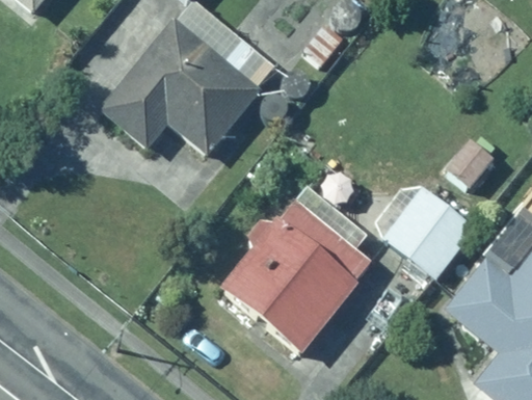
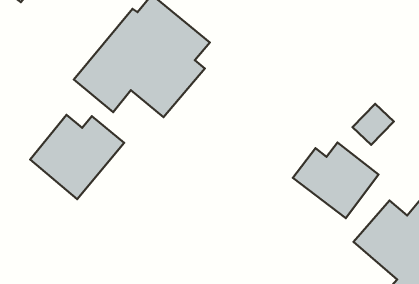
building: none -> [30,115,124,199]
building: [221,201,374,354] -> none

